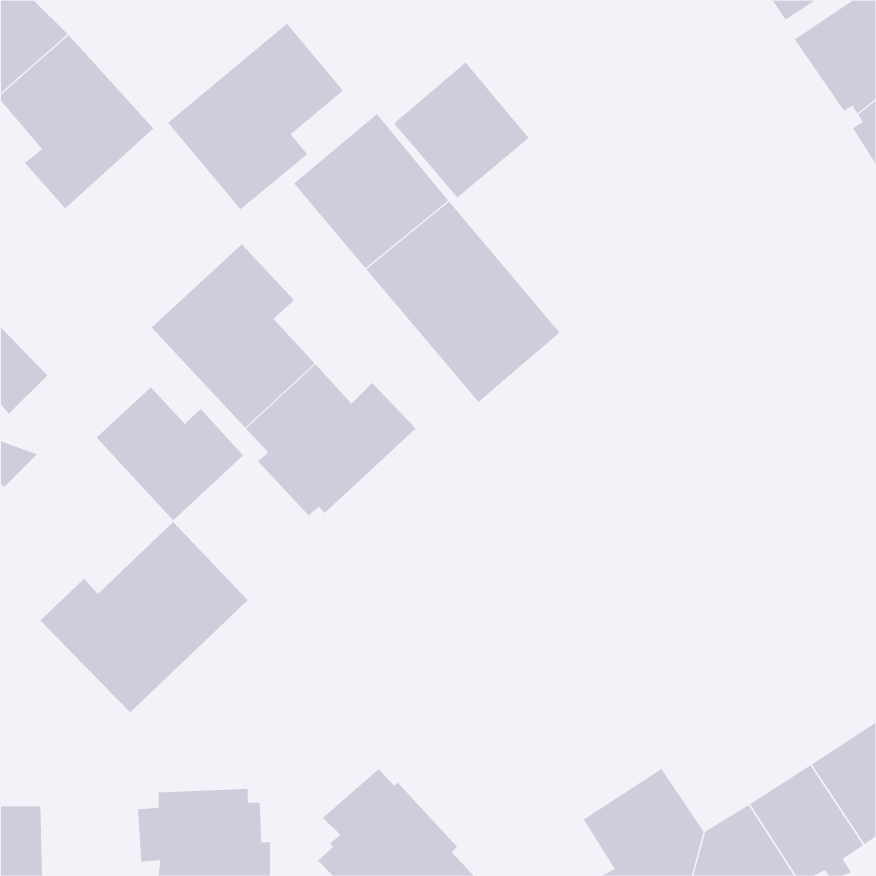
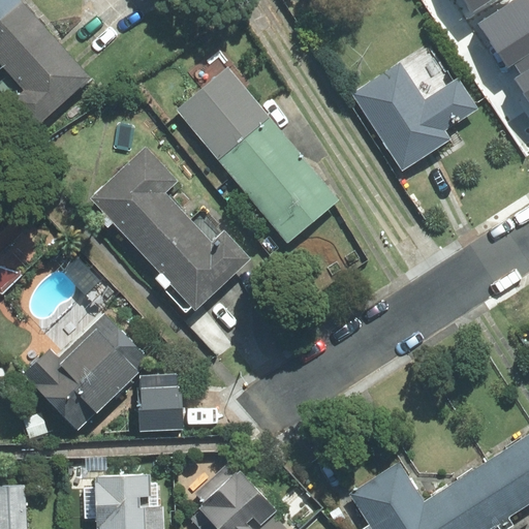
building: [167,23,344,210] -> none
building: [393,61,530,198] -> none
building: none -> [351,43,477,170]
building: [96,387,244,521] -> none
building: none -> [137,375,184,432]

